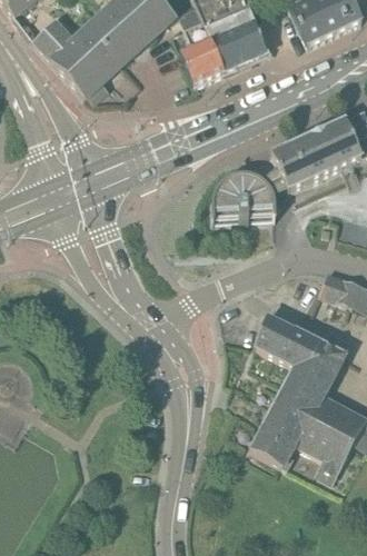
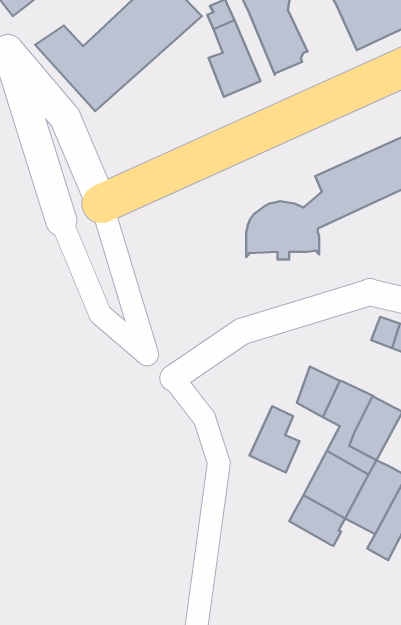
building: none -> [249,406,300,472]

